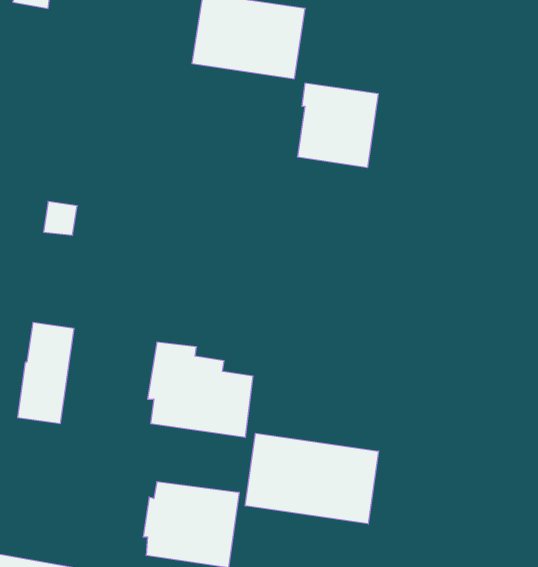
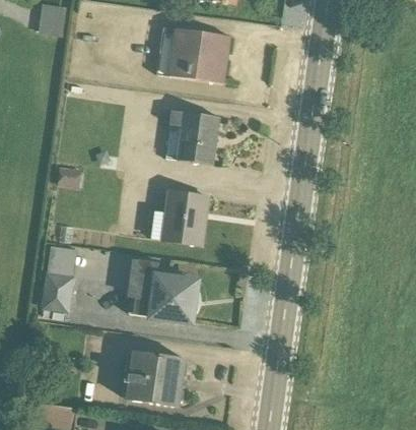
building: [297,83,378,168] -> [165,108,219,164]
building: none -> [147,188,210,246]
building: [245,433,379,524] -> none

